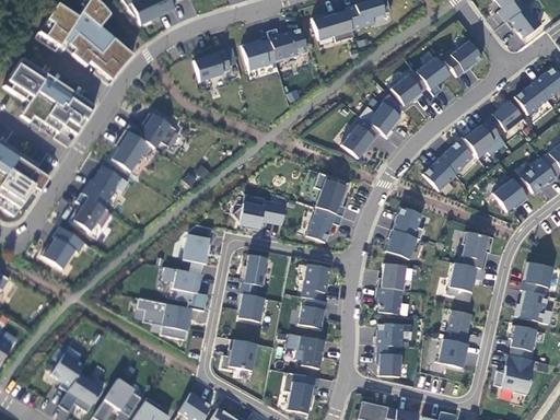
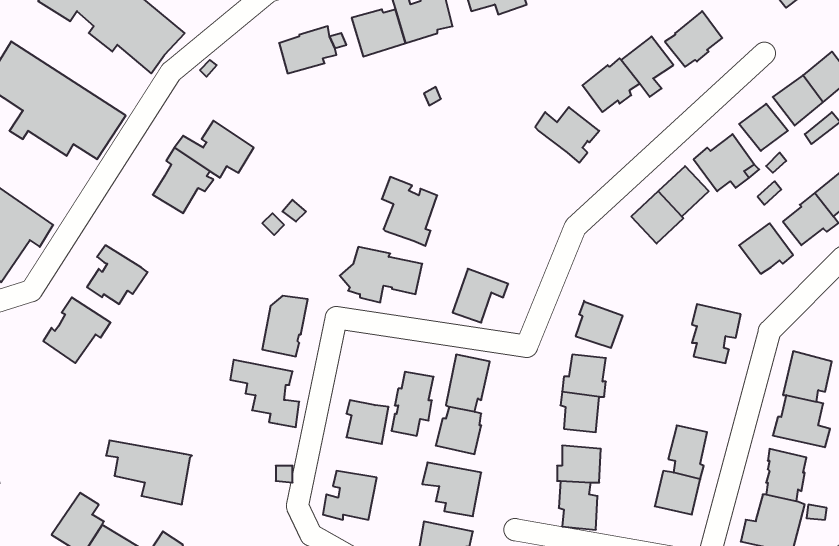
building: [340,118,381,159] -> none
building: [81,165,128,207] -> none
building: [314,173,350,218] -> [382,177,437,246]
building: [393,207,423,240] -> none
building: [240,255,267,296] -> [391,372,434,436]
building: [446,262,485,295] -> none
building: [137,299,192,340] -> [106,440,192,504]

